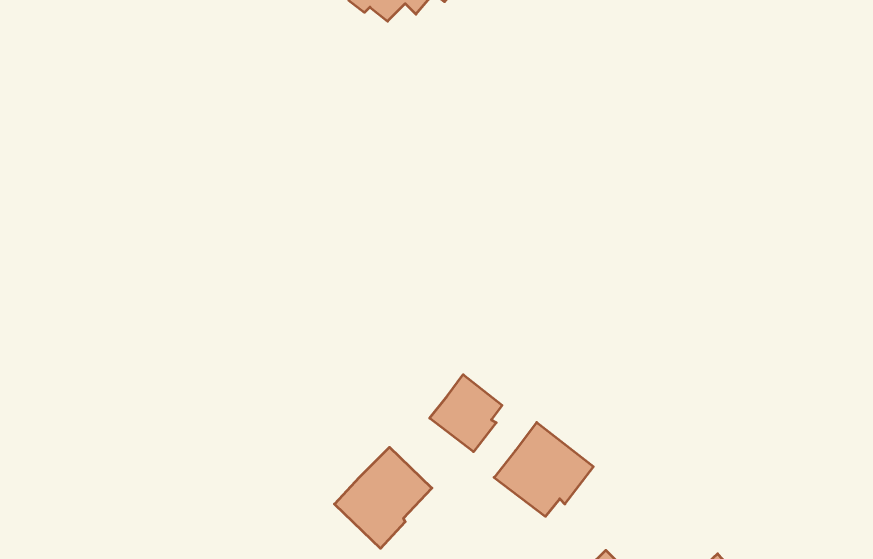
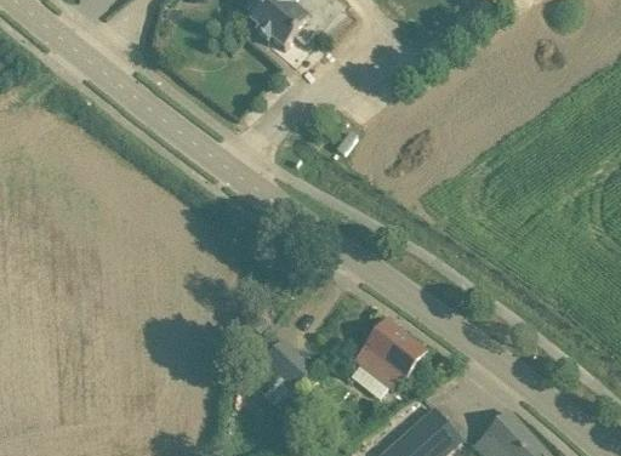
building: [430,375,502,452] -> none

